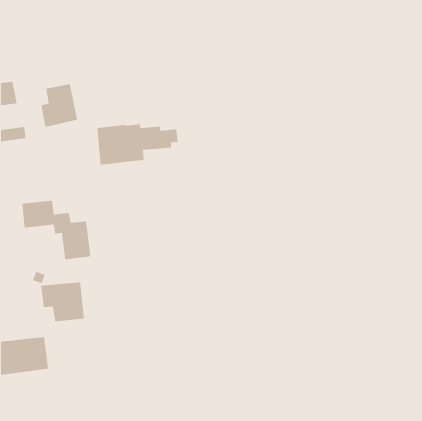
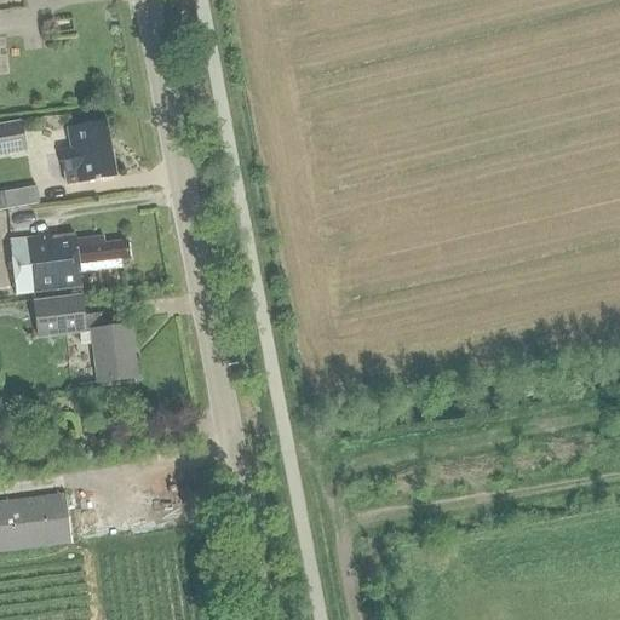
building: [97,124,179,165] -> [7,232,127,293]
building: [41,282,84,322] -> none

